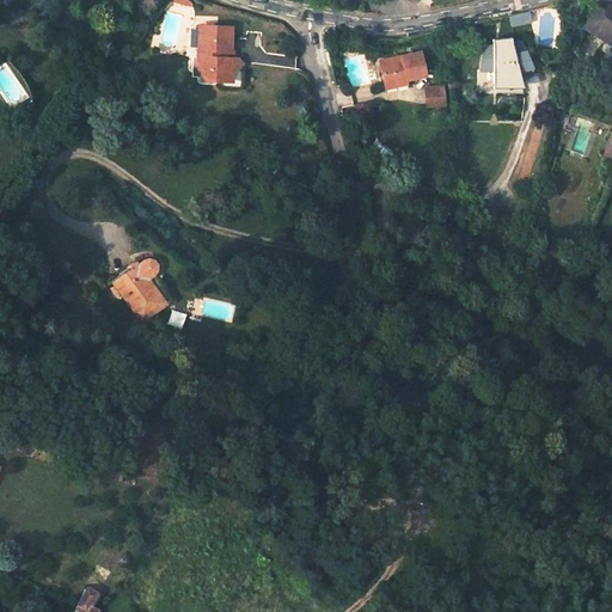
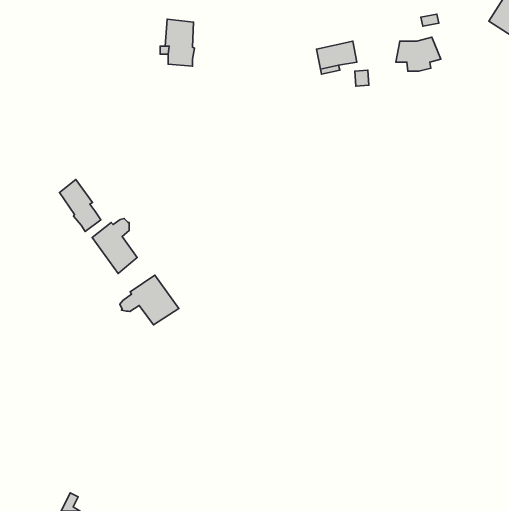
building: none -> [59,179,101,231]
building: none -> [120,275,179,325]

